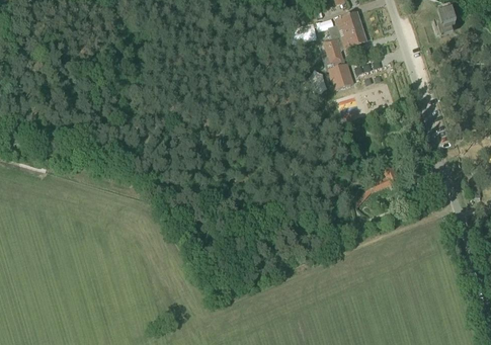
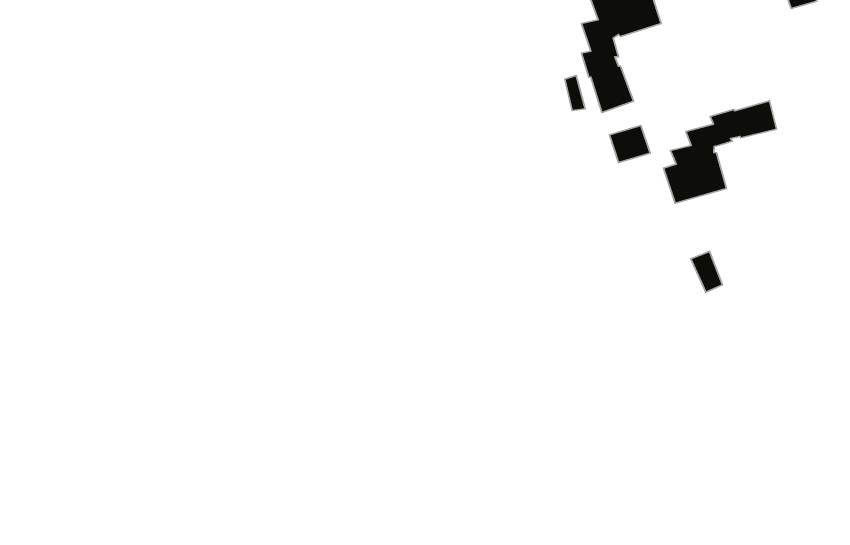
building: none -> [663,101,777,203]

